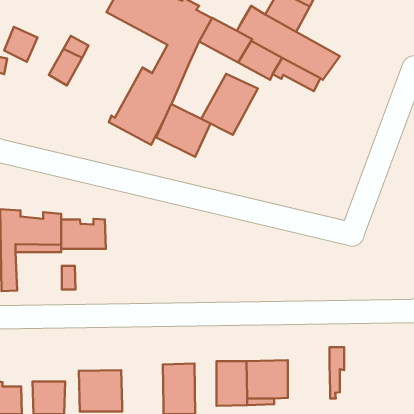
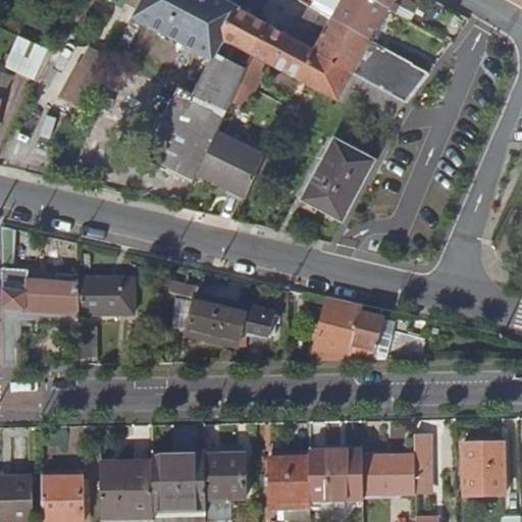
building: [201,74,258,135] -> [302,139,373,215]
building: none -> [167,275,274,344]
building: none -> [311,297,423,359]
building: none -> [462,443,504,494]
building: none -> [152,455,205,509]
building: none -> [361,457,414,491]

